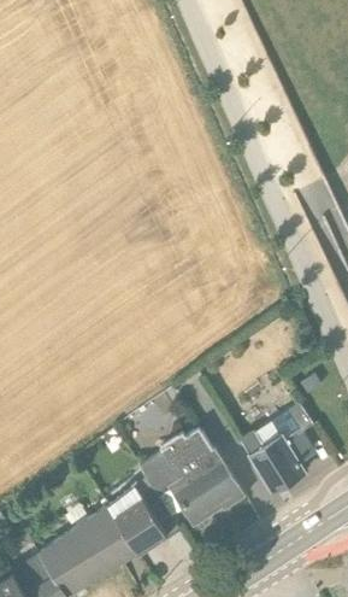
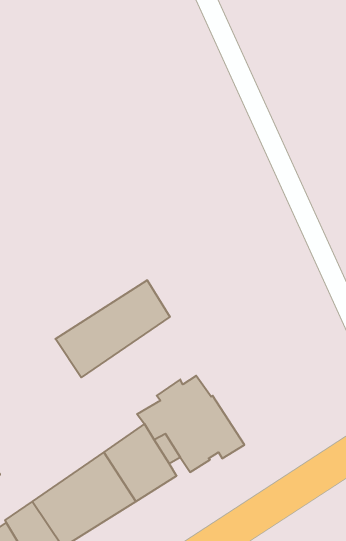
building: none -> [55,280,170,377]
building: [243,403,315,491] -> none

